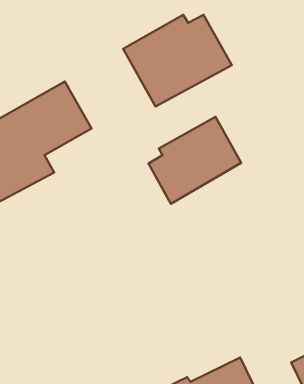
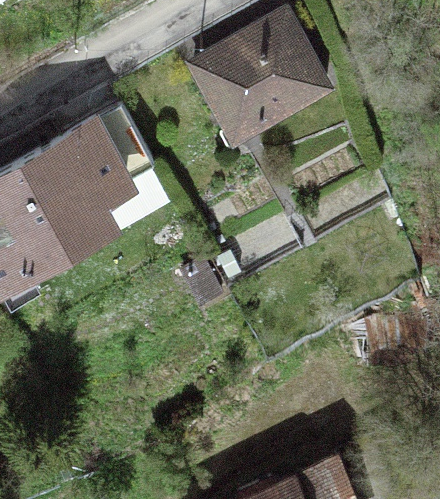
building: [148,117,241,204] -> none

